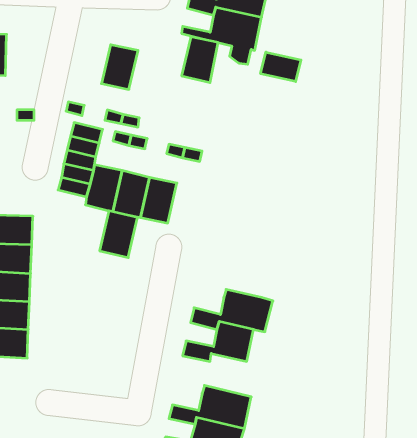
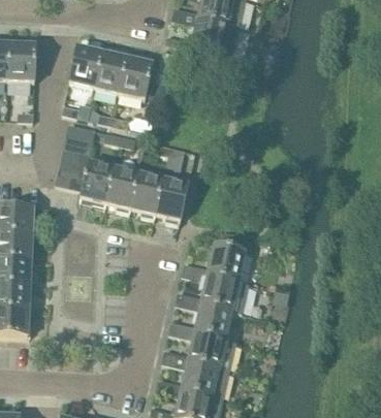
building: none -> [7,42,35,81]
building: [182,37,218,83] -> [119,57,152,98]
building: none -> [69,45,102,87]
building: [261,52,301,82] -> none
building: [100,211,137,258] -> [154,176,188,219]
building: none -> [181,244,245,280]
building: none -> [161,330,235,369]

